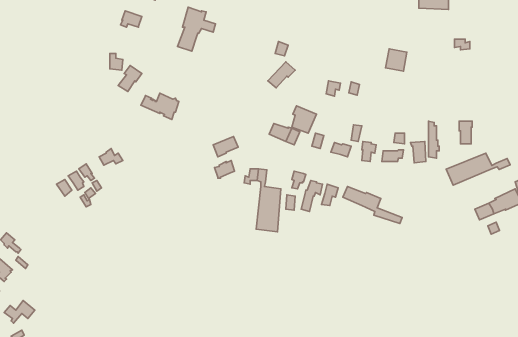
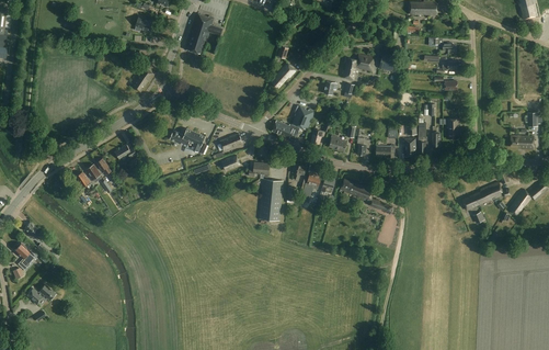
building: none -> [344,54,375,80]
building: [141,93,179,119] -> [170,128,205,153]
building: [446,153,510,185] -> none

